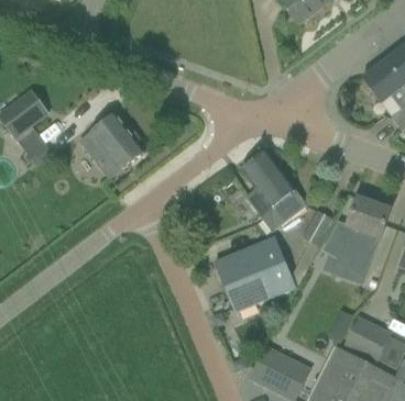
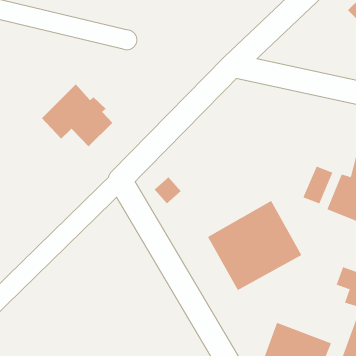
building: [242,151,306,230] -> none

